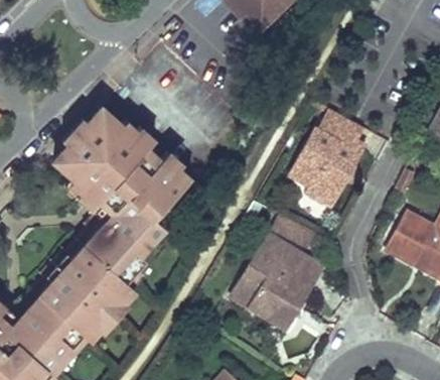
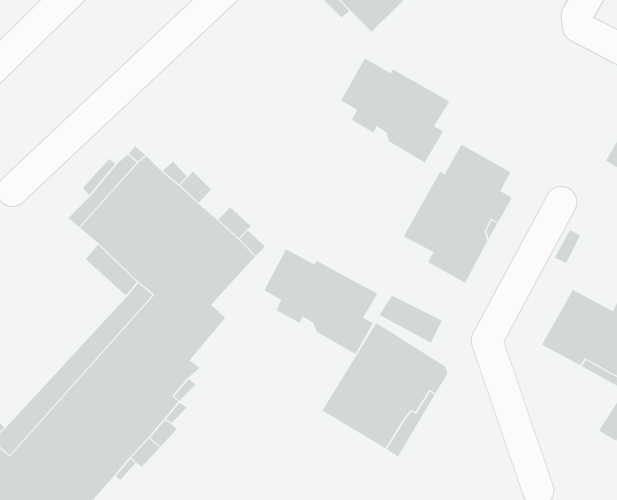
building: none -> [340,58,450,163]
building: none -> [263,248,378,355]

